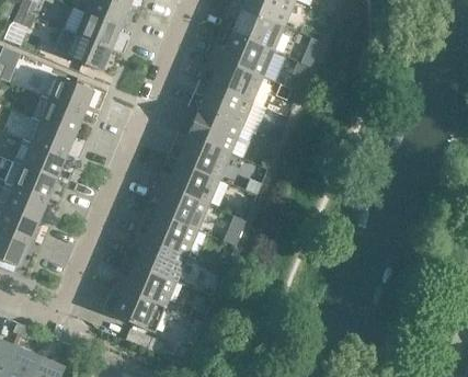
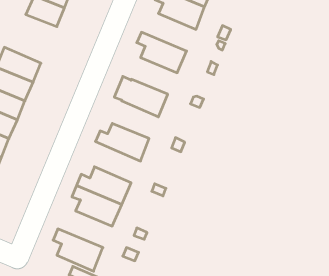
building: [210,33,274,77] -> none
building: [67,34,112,71] -> none
building: [189,84,252,127] -> none
building: [172,130,230,179] -> none
building: [151,182,209,230] -> none
building: [113,263,176,306] -> none

